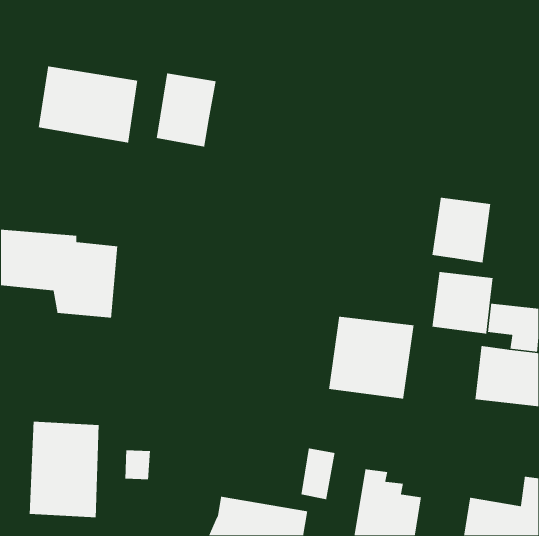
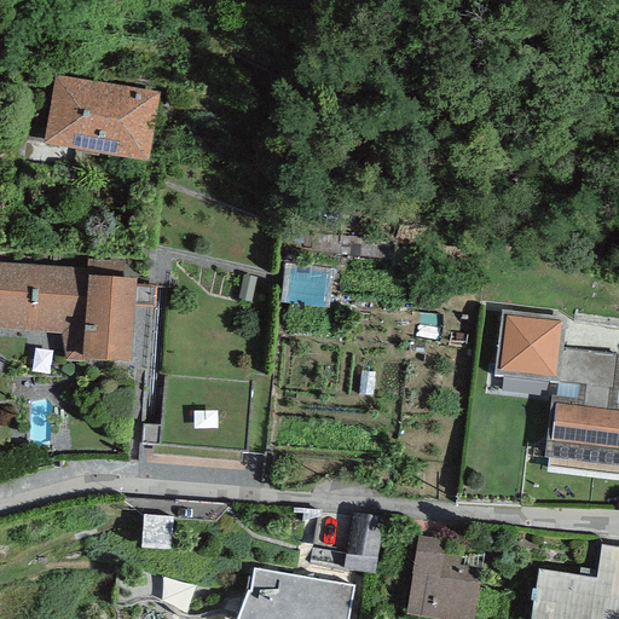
building: [156,73,217,147] -> none
building: [432,197,491,264] -> none
building: [328,316,415,400] -> none
building: [29,421,99,518] -> none

